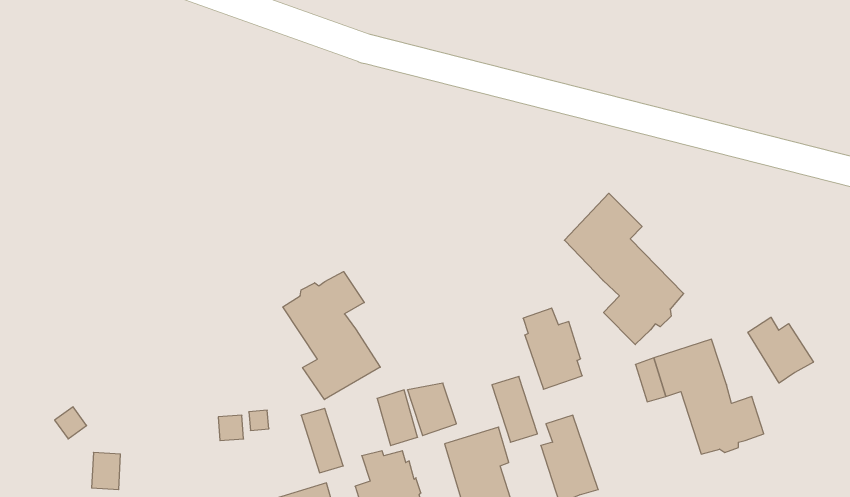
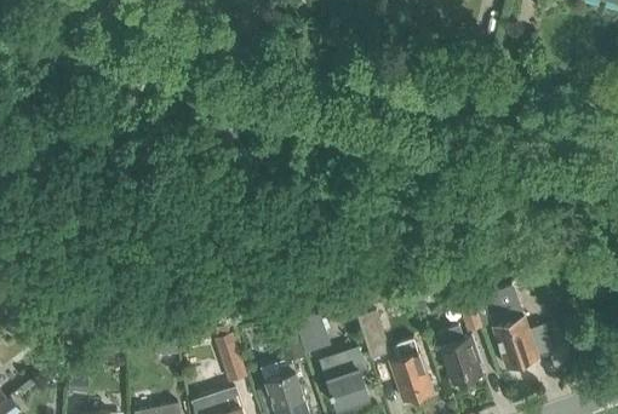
building: [564,193,684,345] -> none
building: [283,272,380,400] -> none
building: [523,308,582,389] -> [439,327,481,385]
building: [748,317,813,383] -> none

